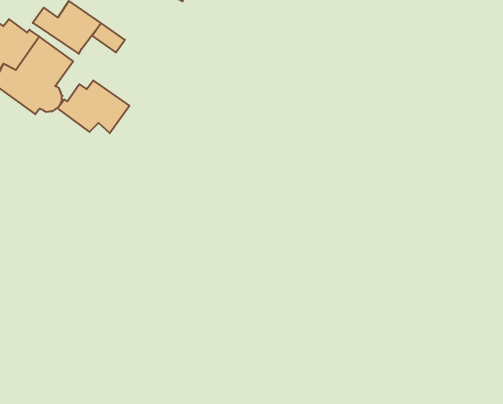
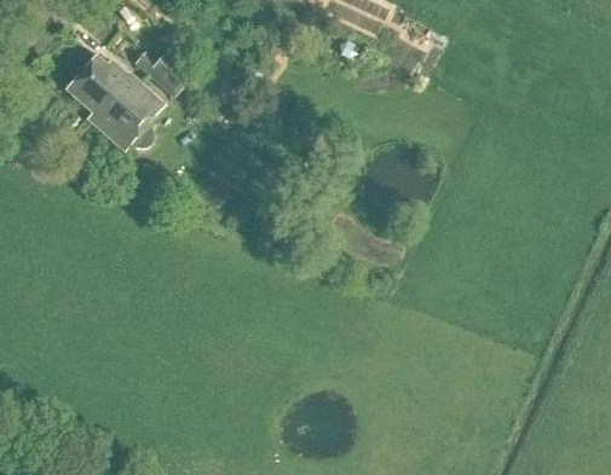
building: [58,80,129,133] -> none

